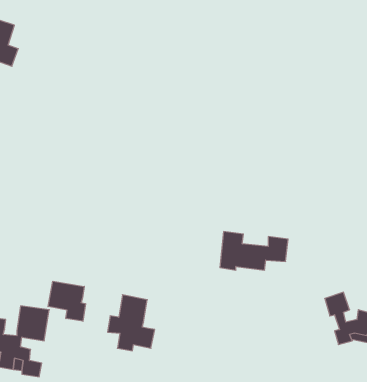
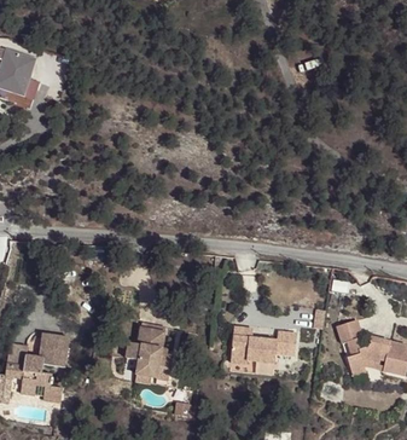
building: [220,232,288,270] -> [229,326,296,364]
building: [48,281,86,321] -> none

